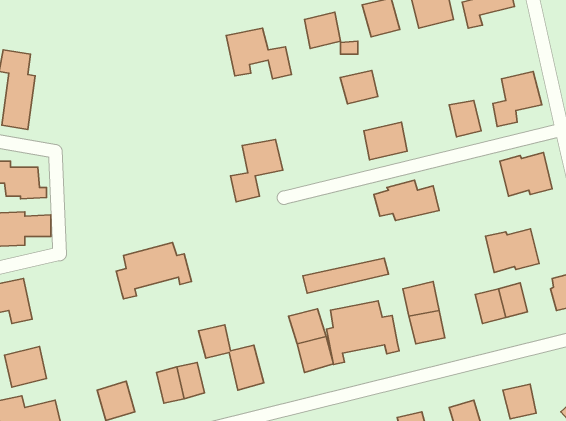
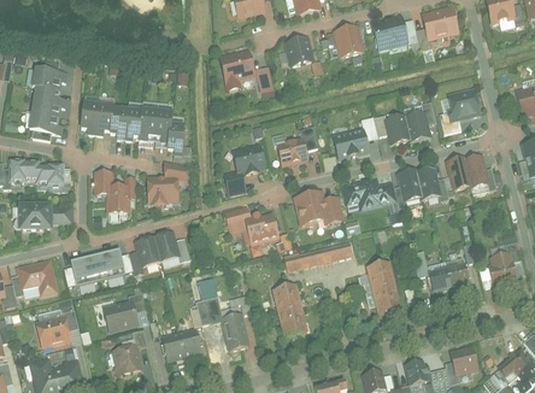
building: [340,70,378,104] -> [276,136,307,164]
building: none -> [86,102,189,152]
building: none -> [384,112,411,142]
building: none -> [149,162,192,207]
building: none -> [93,170,133,213]
building: none -> [293,189,343,225]
building: none -> [222,204,276,252]
building: [485,229,539,272] -> [398,164,442,200]
building: none -> [64,247,133,285]
building: [326,301,399,365] -> none
building: none -> [102,291,147,333]

